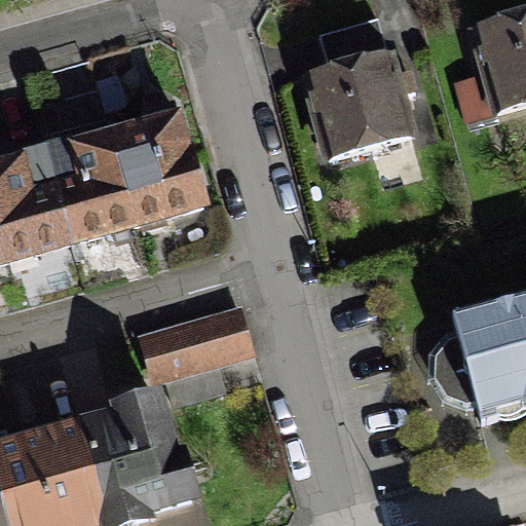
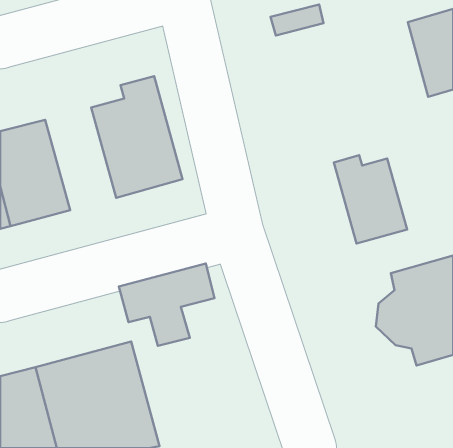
building: [294,47,414,170] -> none
building: [52,124,135,243] -> none
building: none -> [334,155,407,243]

